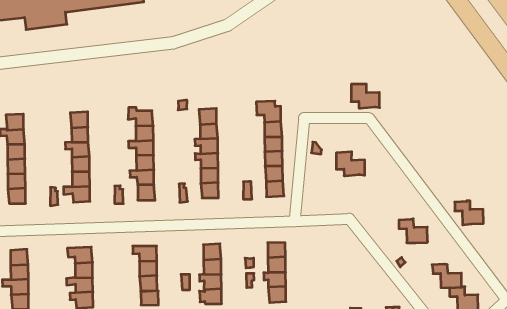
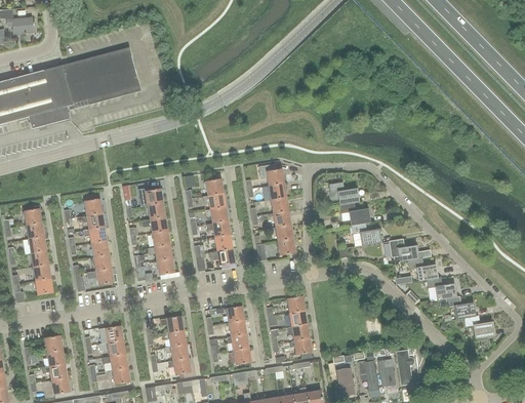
building: [351,84,380,108] -> [329,182,359,205]
building: none -> [352,223,381,246]
building: none -> [389,239,419,261]
building: [455,201,483,225] -> [427,277,456,300]

